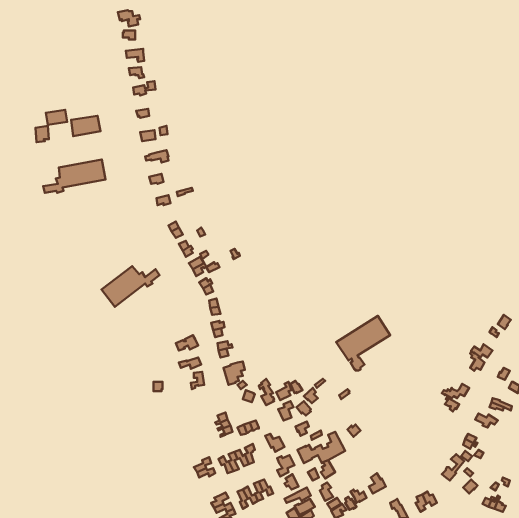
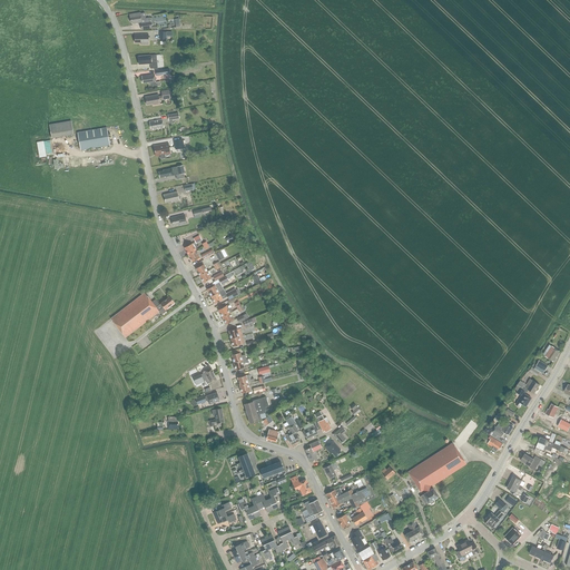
building: [43,160,106,193] -> none
building: [336,316,390,371] -> [407,442,466,502]

